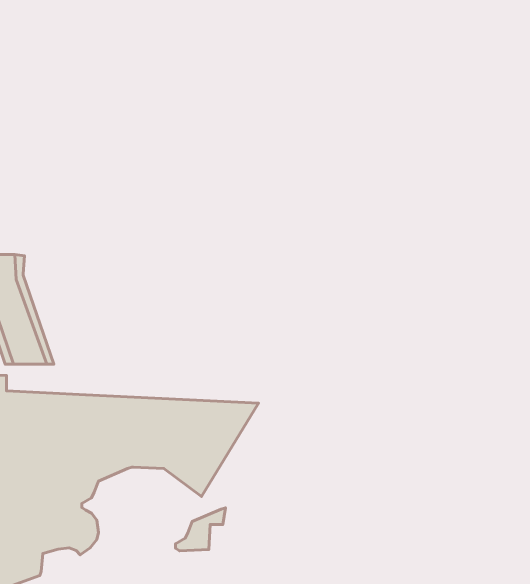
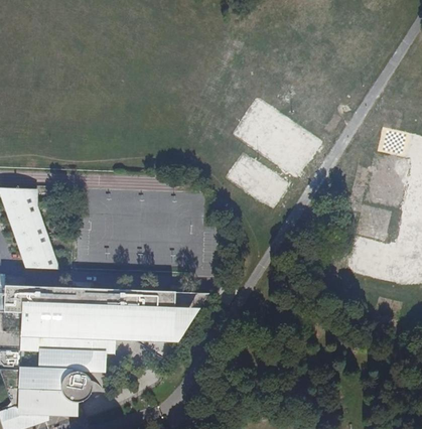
building: [175,508,226,551] -> [79,341,115,373]
building: none -> [49,400,78,417]

